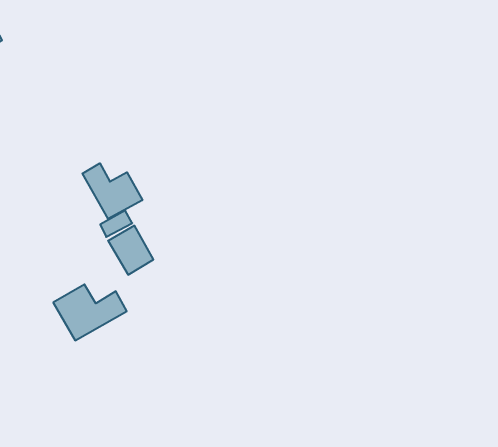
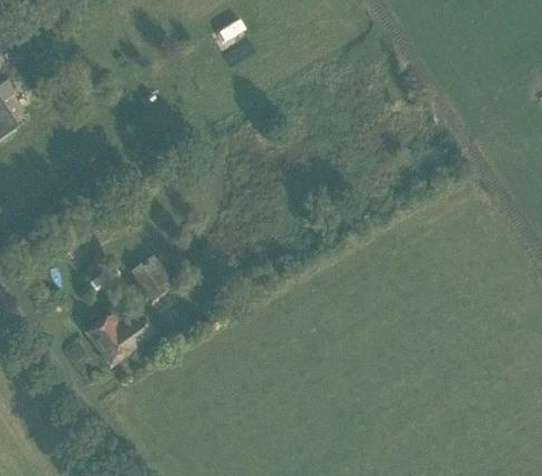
building: [82,163,142,219] -> none

